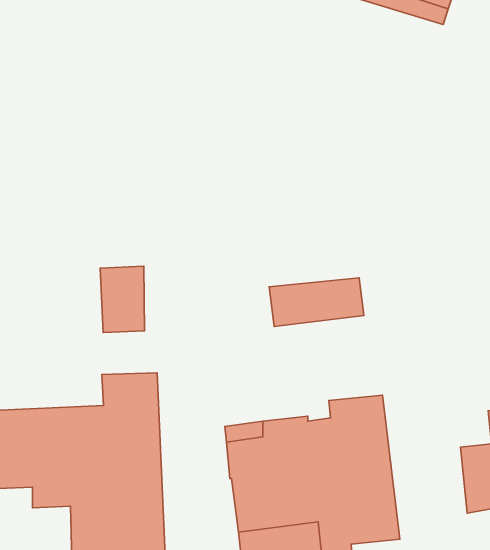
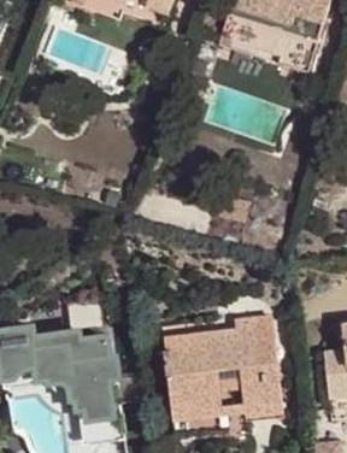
building: [100,266,144,333] -> none
building: [269,278,364,326] -> none

